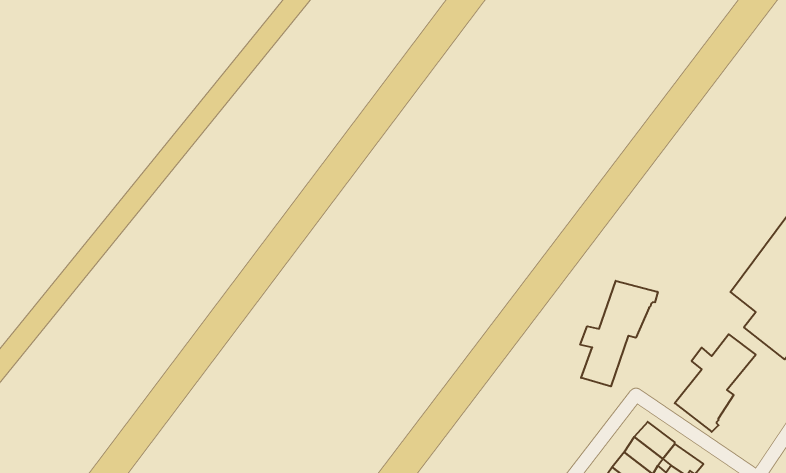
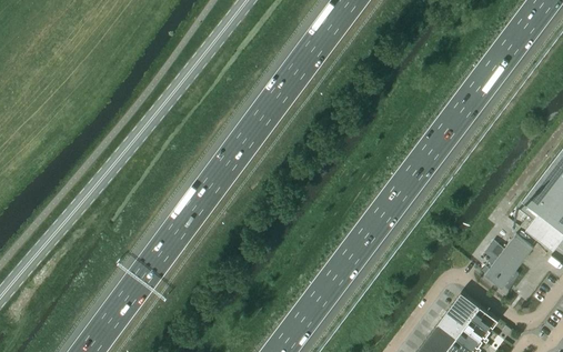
building: [580,281,658,386] -> none

